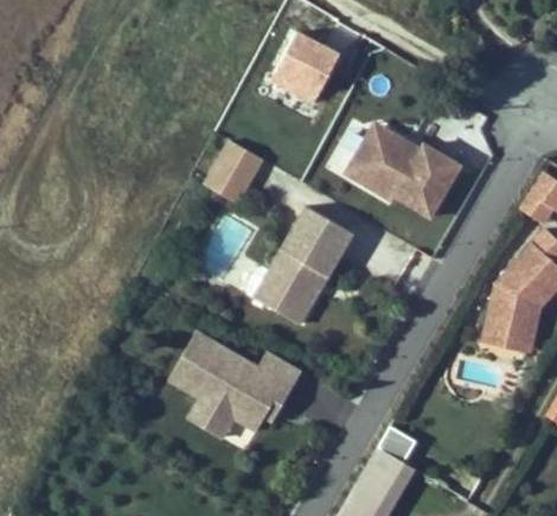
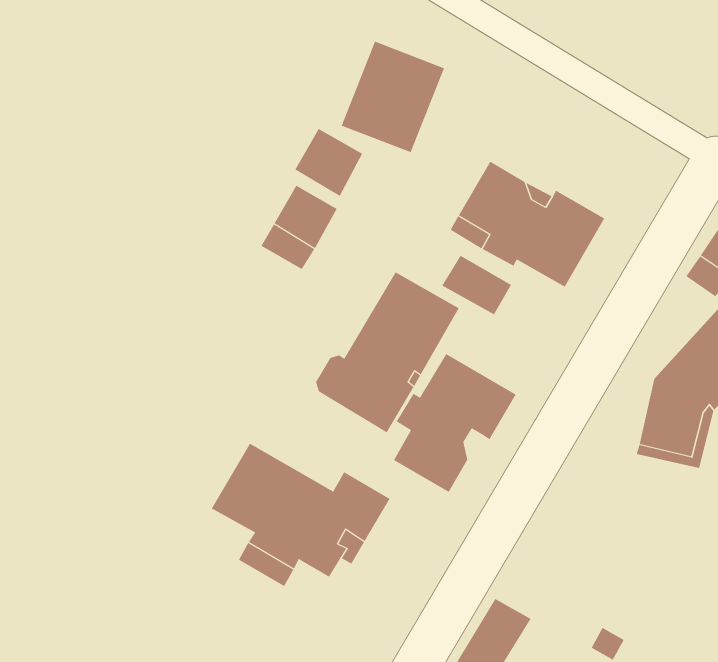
building: none -> [294,128,363,197]
building: none -> [442,255,512,315]
building: none -> [393,353,516,493]

